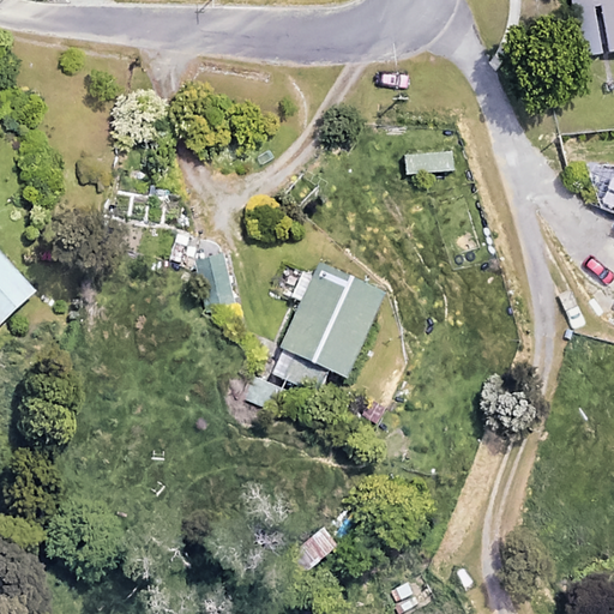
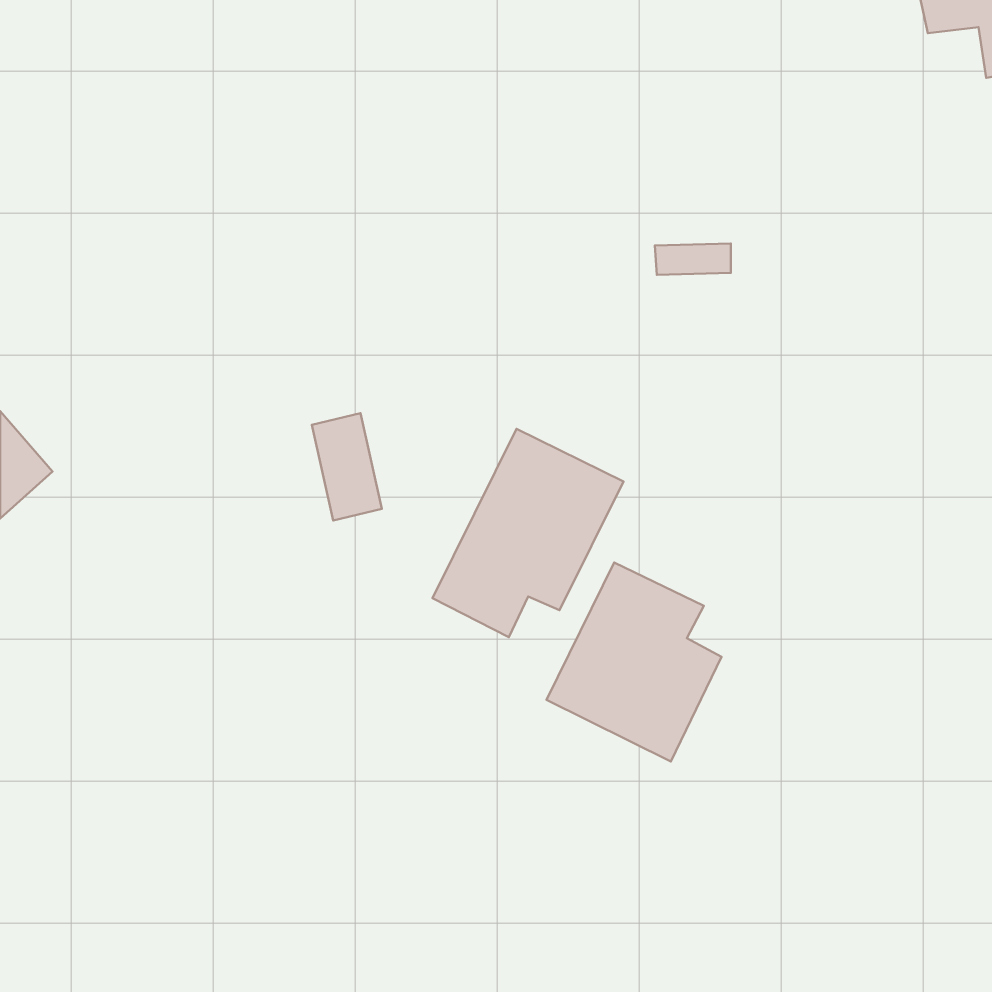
building: none -> [546,563,722,762]

